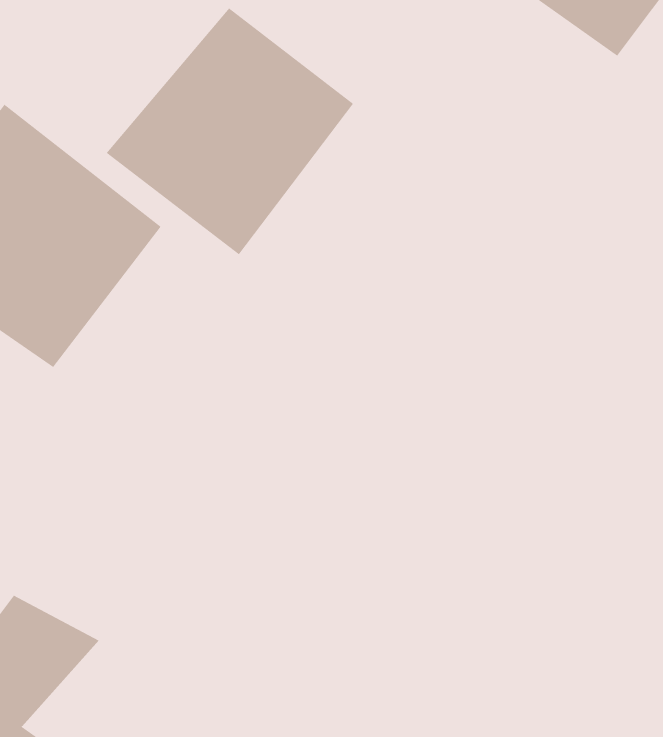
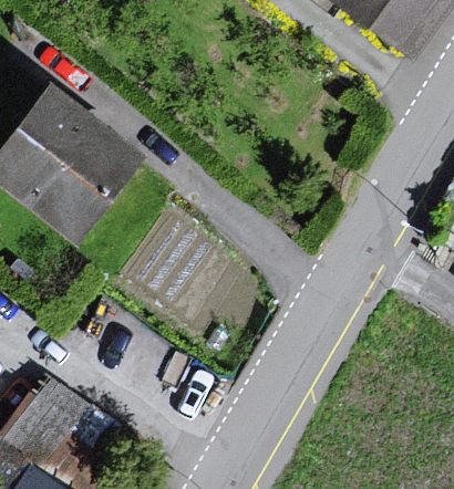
building: [106,8,354,255] -> none

